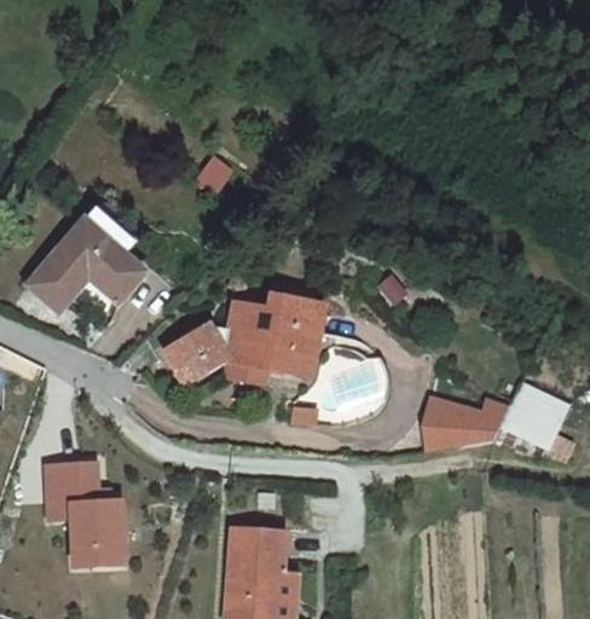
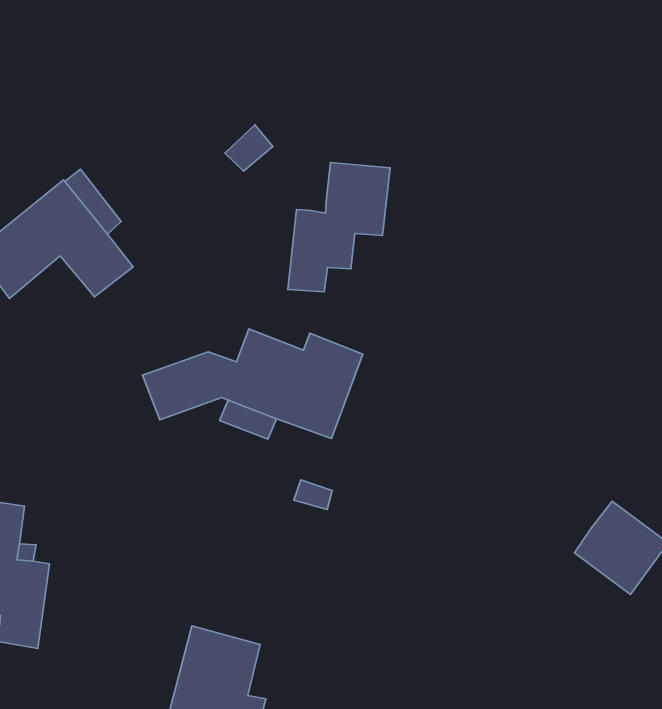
building: none -> [288,162,390,292]
building: [426,399,509,451] -> none

